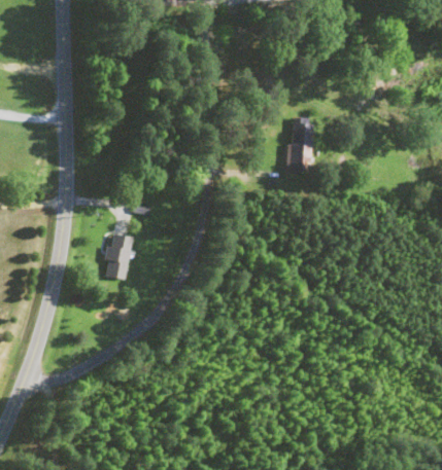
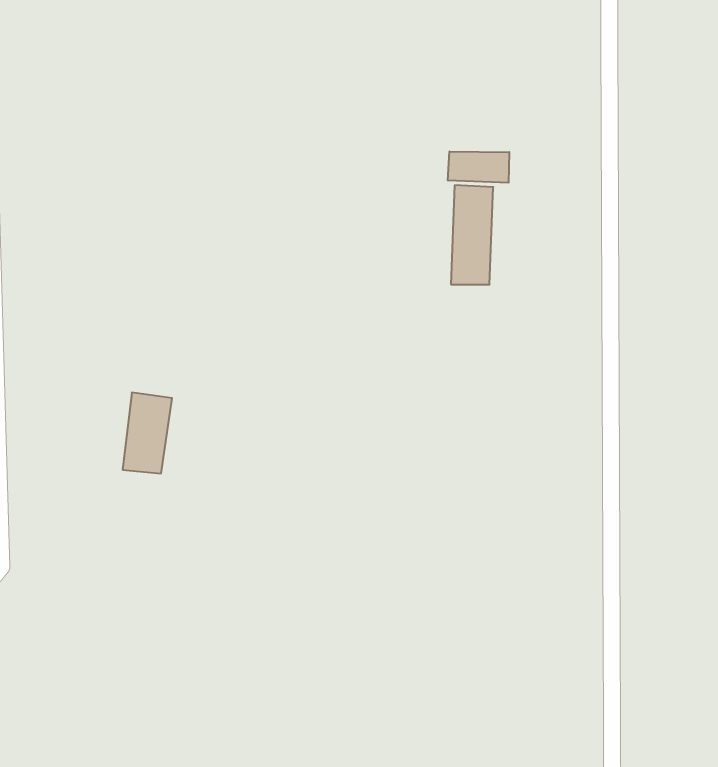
building: none -> [448,151,509,183]

